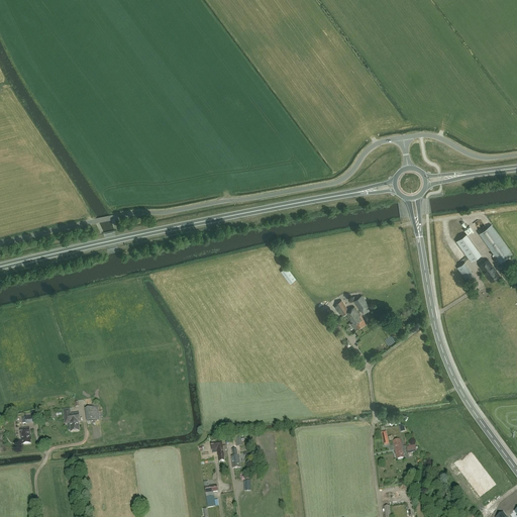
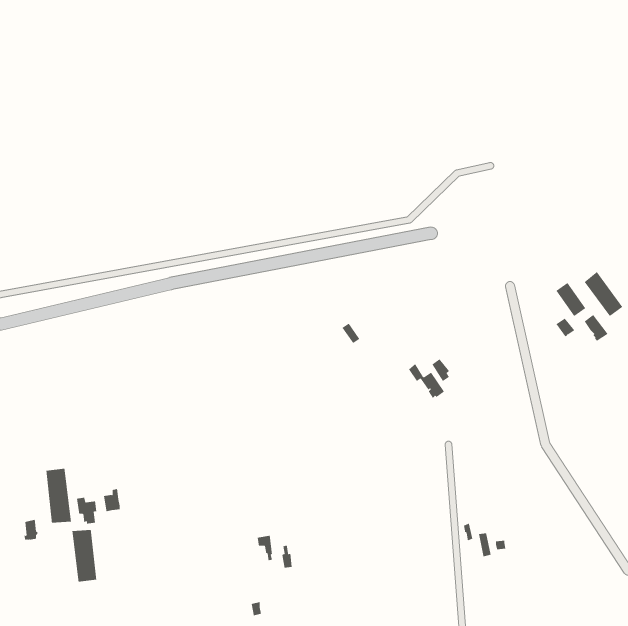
building: none -> [46,468,72,523]
building: none -> [72,529,97,583]

